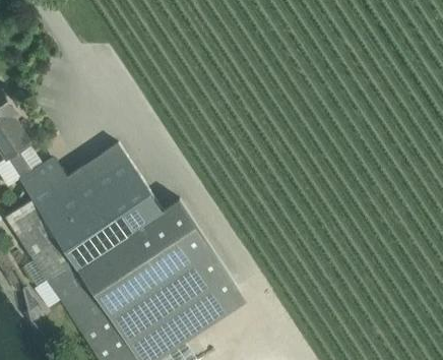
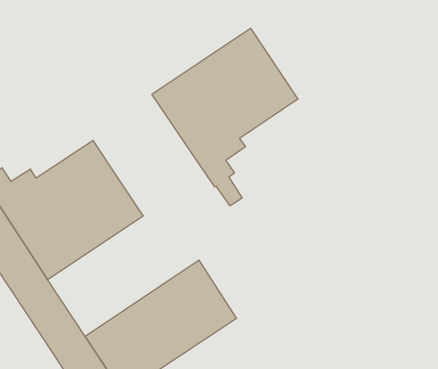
building: none -> [152,28,298,206]
building: [78,200,213,319] -> none

